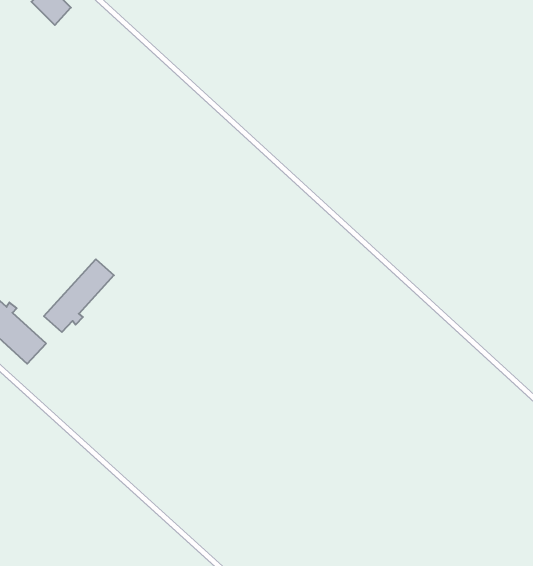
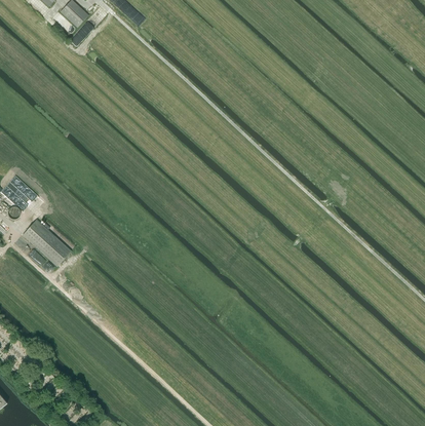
building: [44,259,114,332] -> none

